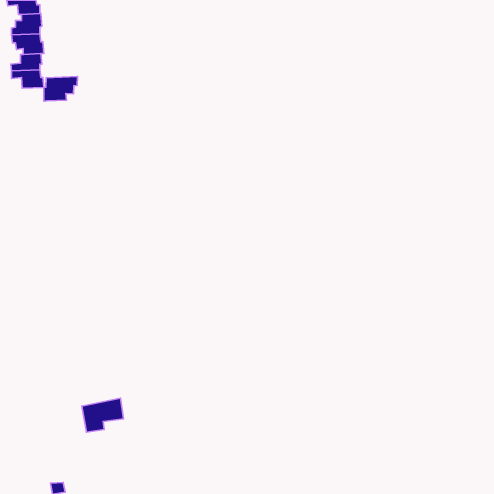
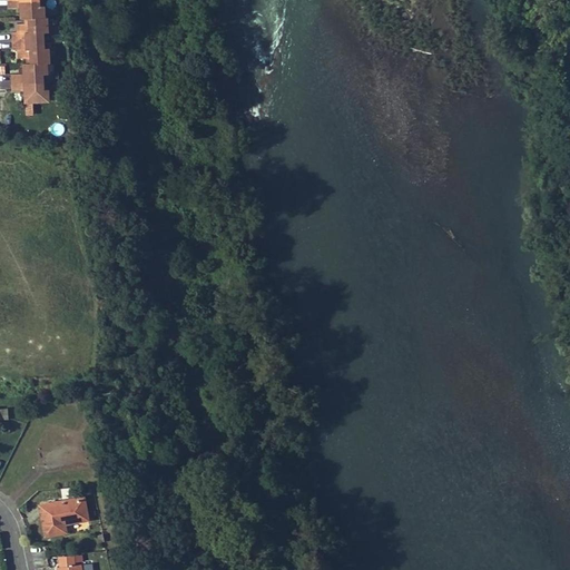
building: [44,76,77,101] -> none
building: [82,398,124,432] -> [38,498,86,537]

